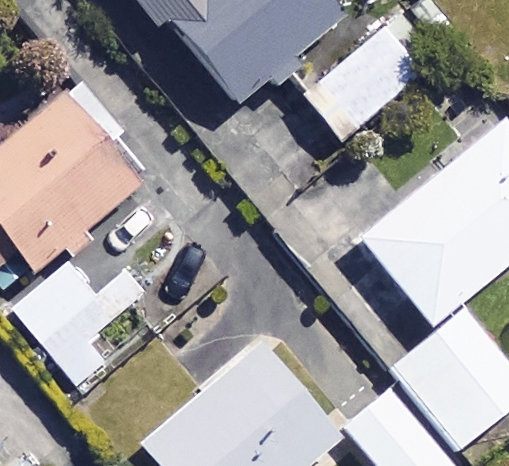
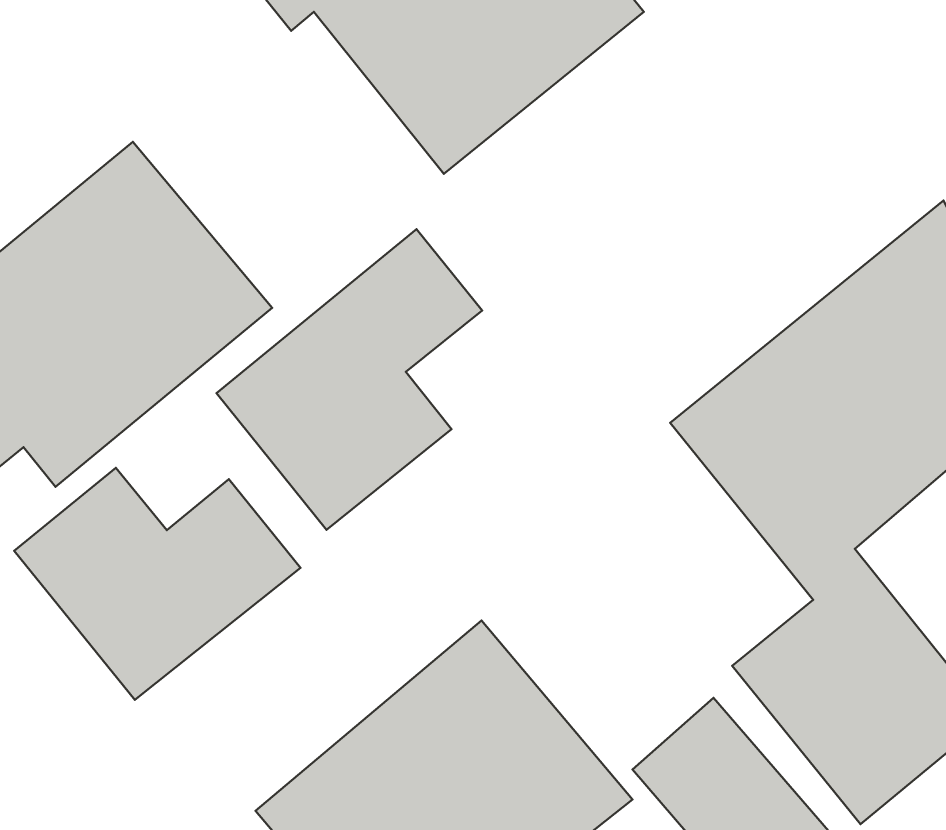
building: [300,22,427,143] -> none
building: none -> [216,229,482,530]

